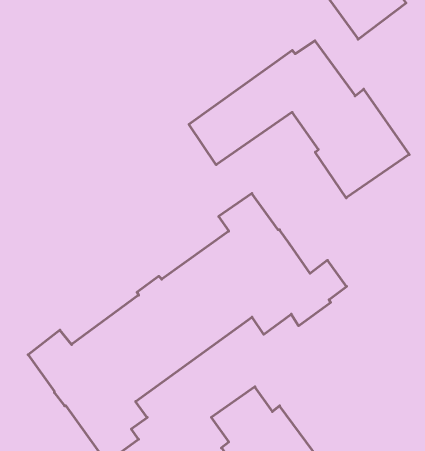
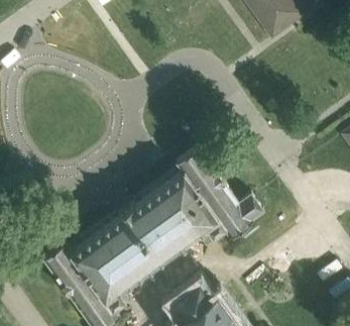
building: [189,41,409,198] -> none

